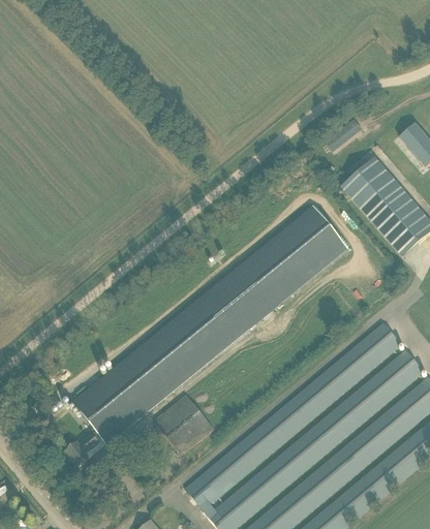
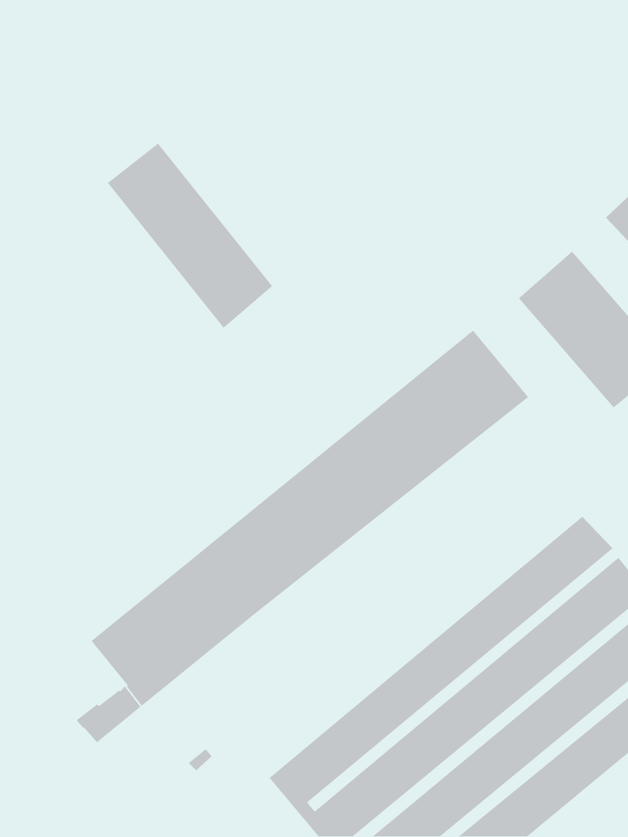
building: none -> [107,142,273,329]
building: [154,394,214,454] -> none

